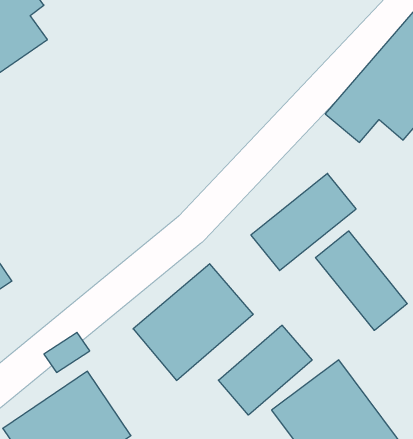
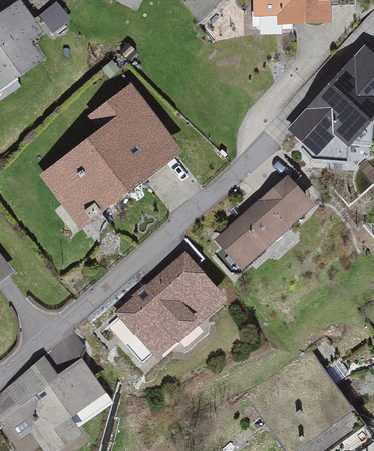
building: none -> [39,83,181,230]
building: [316,231,407,330] -> none
building: [218,325,312,415] -> none

